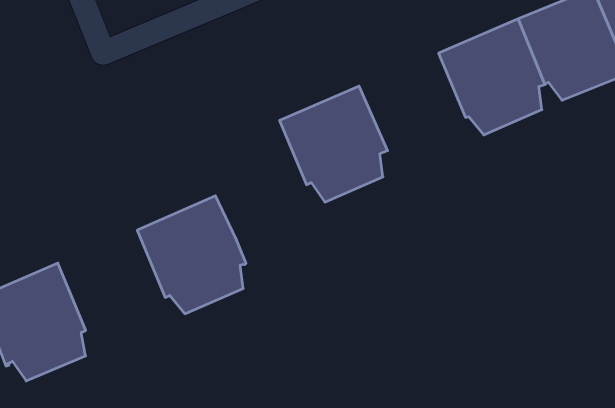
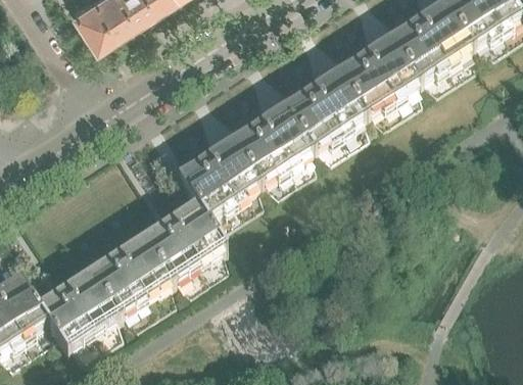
building: none -> [277,70,359,157]
building: none -> [170,139,253,230]
building: none -> [82,236,165,324]

